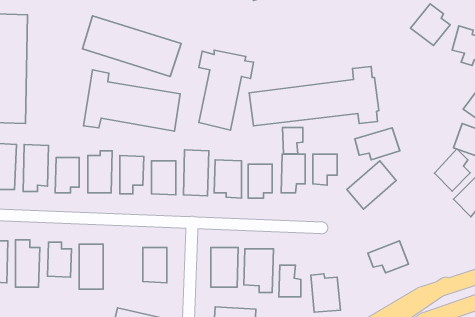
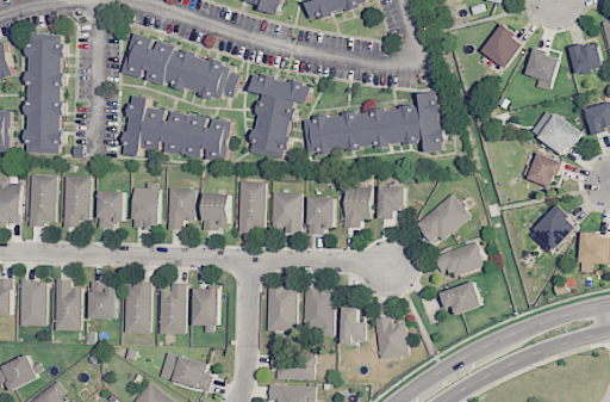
building: [282,128,303,154] -> none
building: [355,128,400,160] -> [434,242,483,277]
building: [434,149,470,191] -> none
building: none -> [157,283,185,334]

